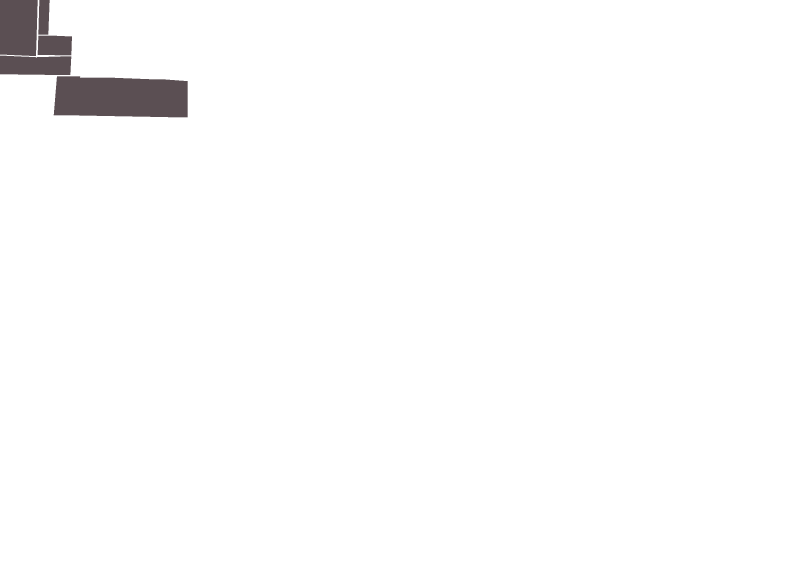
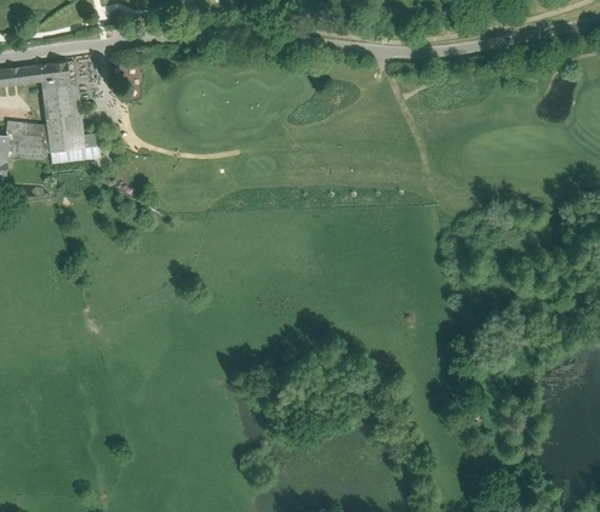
building: [53,75,188,118] -> none

